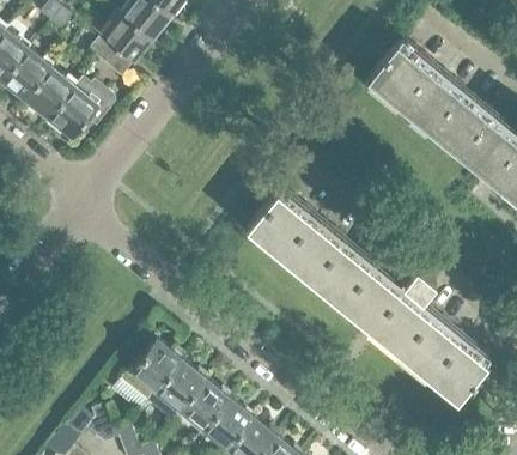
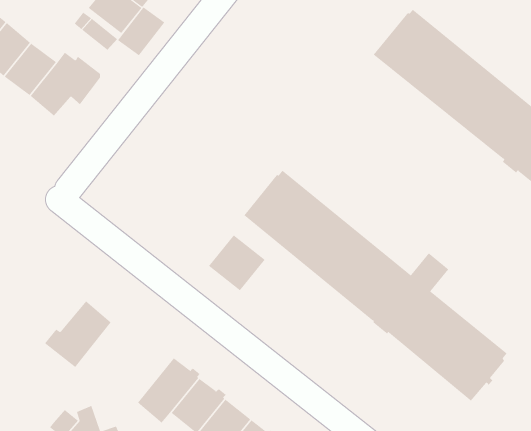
building: none -> [117,6,165,56]
building: none -> [208,234,266,291]
building: [118,342,181,405] -> [44,300,112,368]

